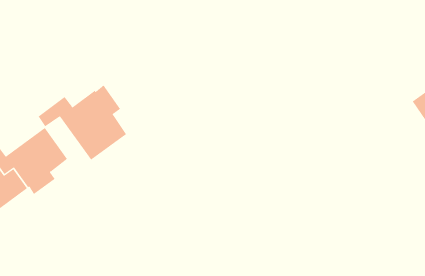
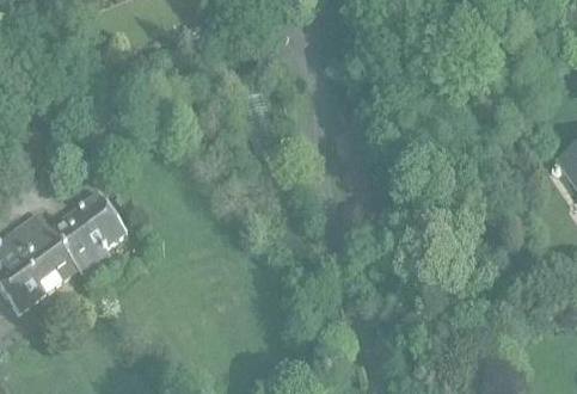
building: [38,85,127,161] -> none

